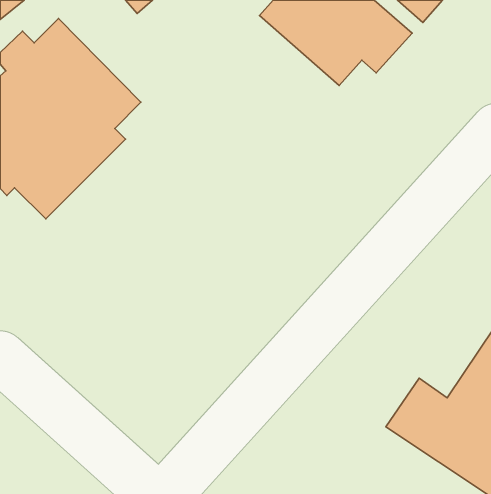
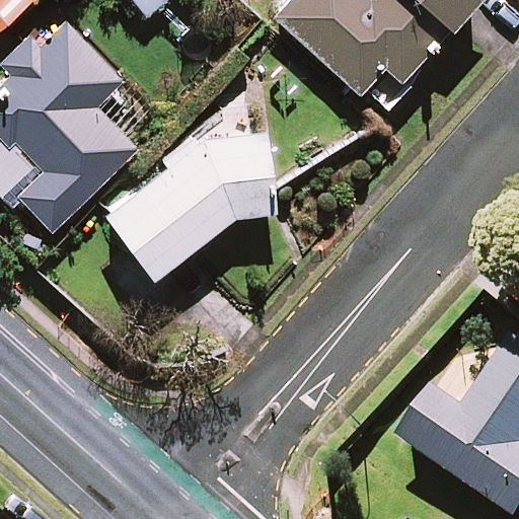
building: none -> [104,109,286,277]

